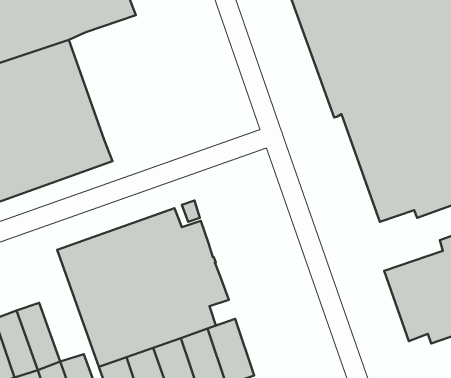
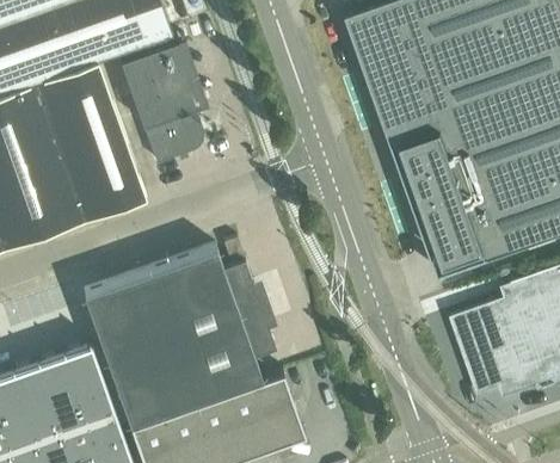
building: none -> [116,35,207,167]
building: none -> [63,347,113,422]

